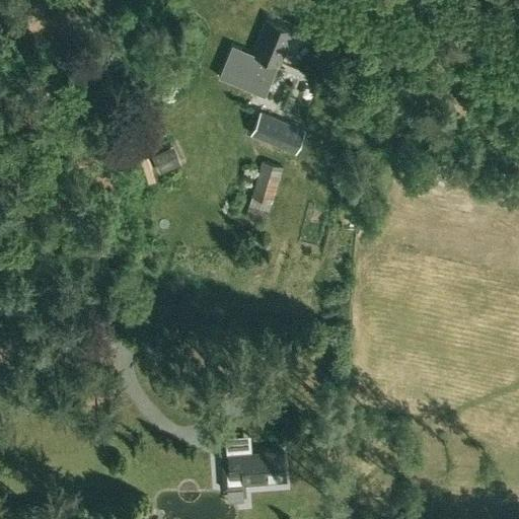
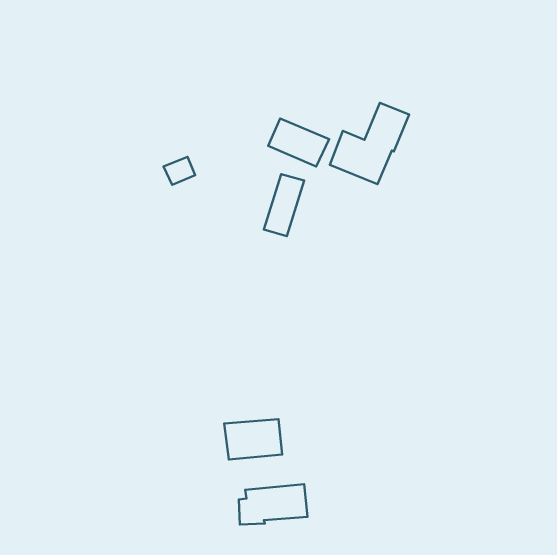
building: [220,21,294,97] -> [330,103,409,184]
building: none -> [224,419,282,459]

